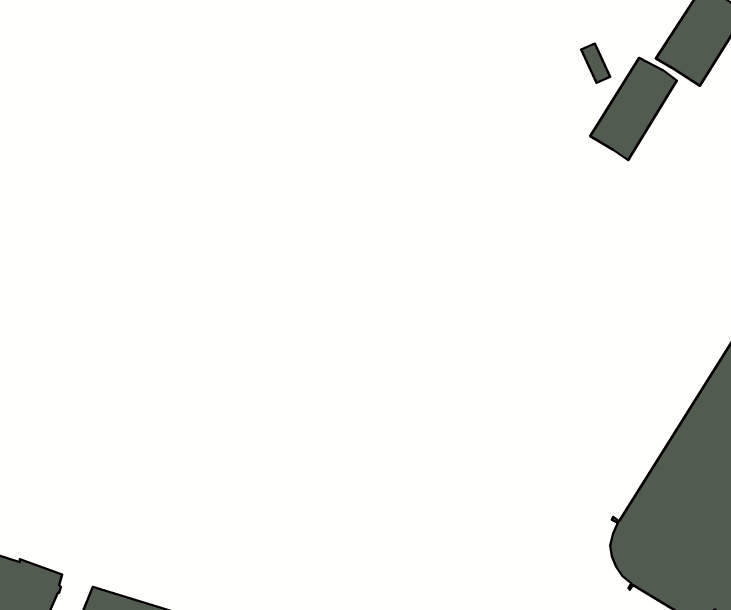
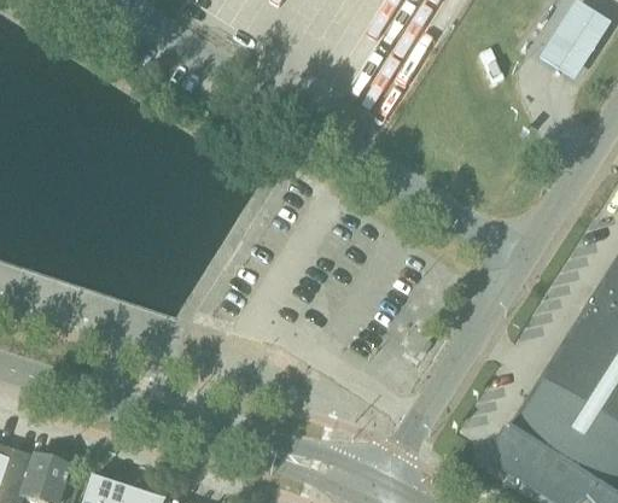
building: [590,58,677,160] -> none

